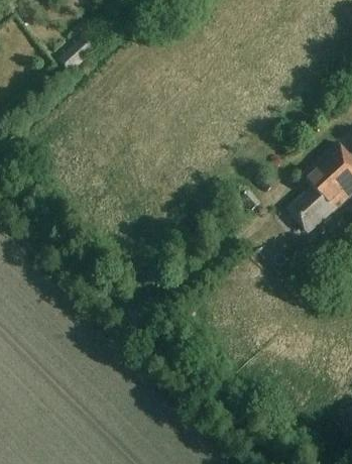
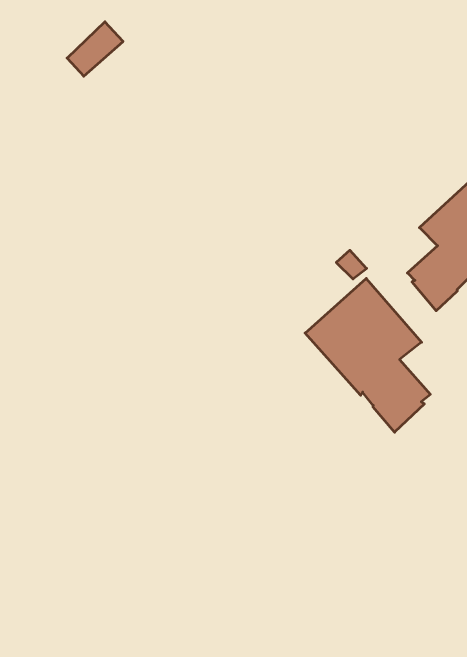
building: none -> [305,278,430,432]

